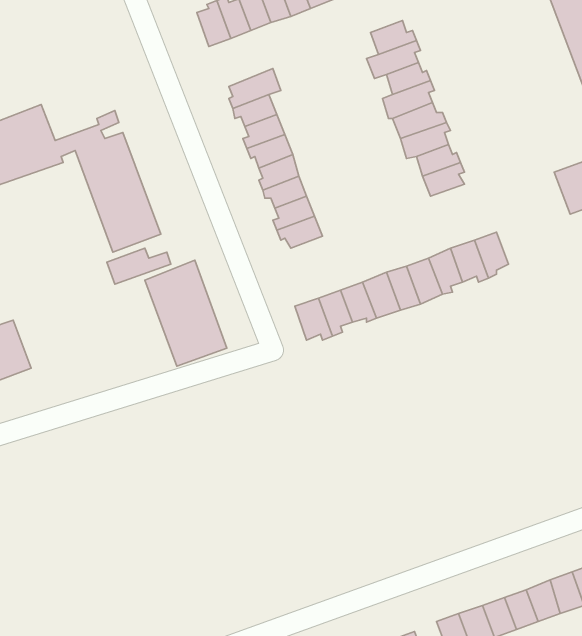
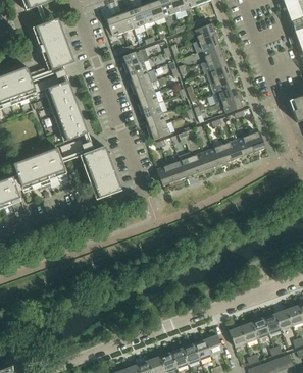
building: none -> [32,18,74,71]
building: none -> [13,148,68,193]

